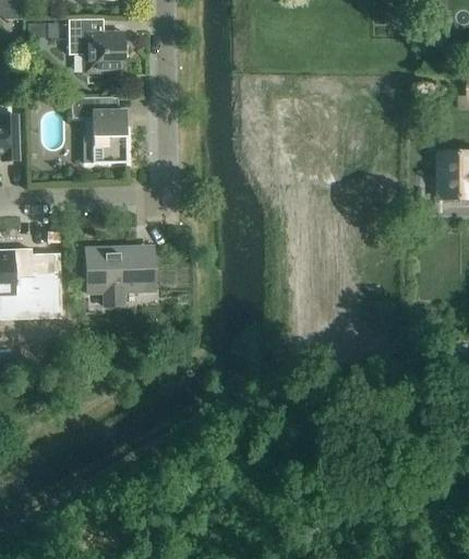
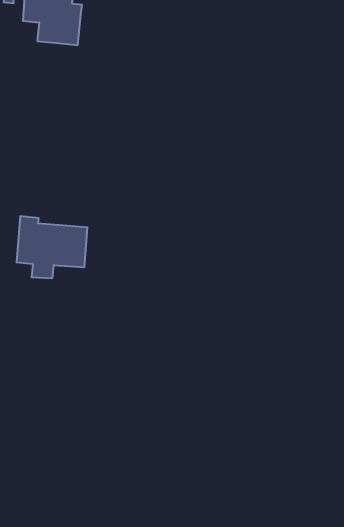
building: [70,96,125,163] -> none

